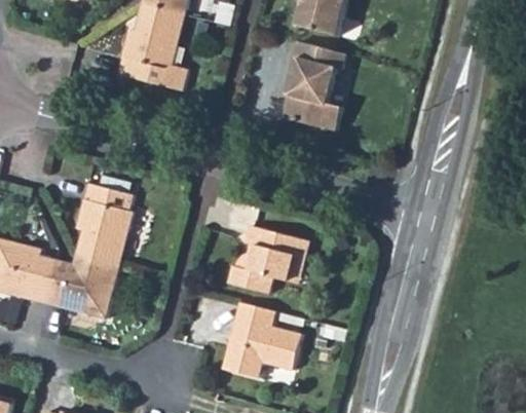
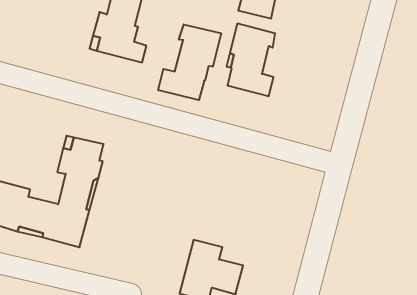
building: none -> [158,24,221,100]
building: [229,231,310,299] -> none

